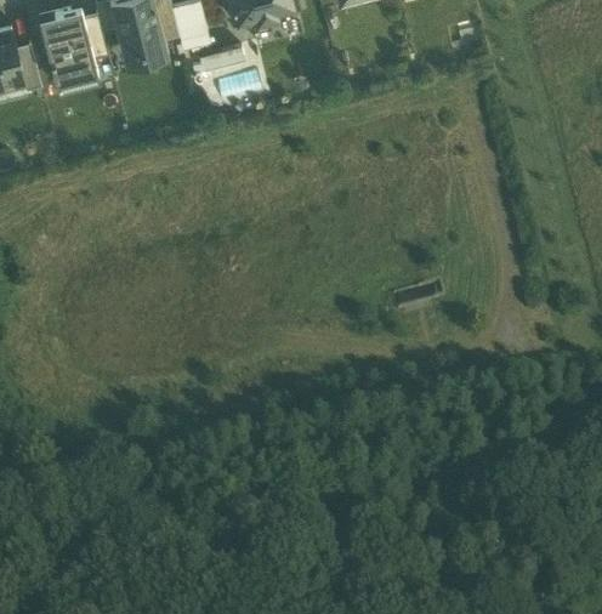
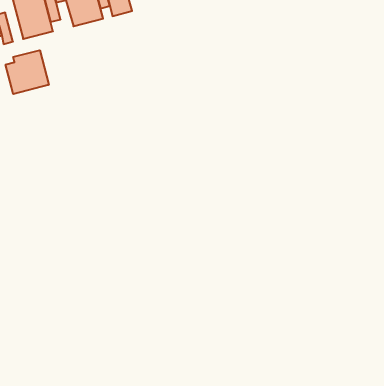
building: none -> [6,50,49,94]

